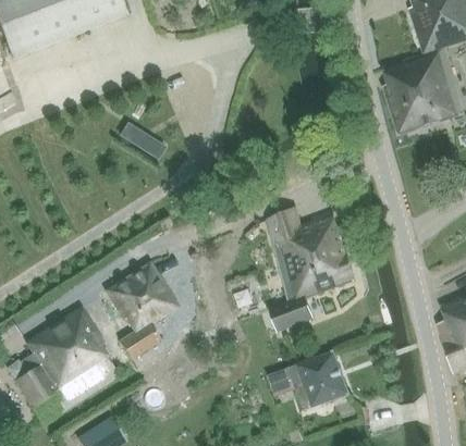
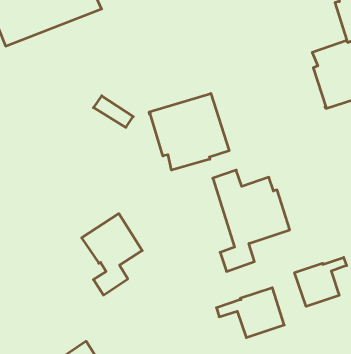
building: none -> [149,93,229,170]
building: [16,307,120,422] -> none
building: none -> [295,257,347,306]

